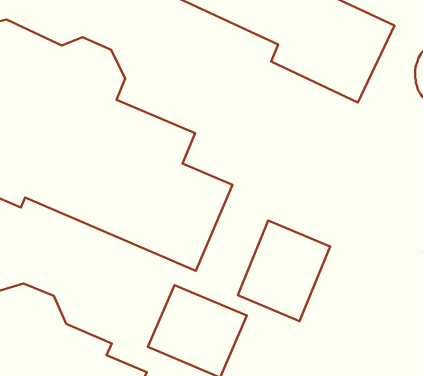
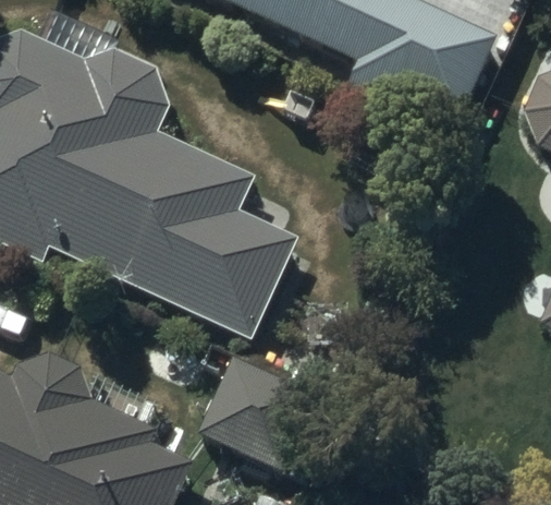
building: [238,220,330,321] -> none

